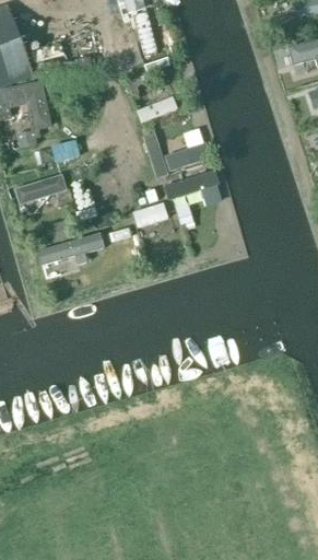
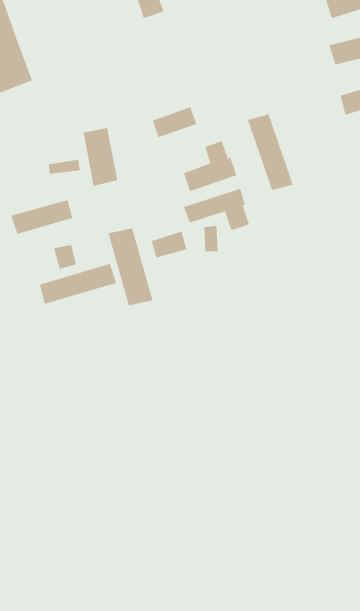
building: [20,85,50,137] -> [83,128,118,187]
building: none -> [247,114,293,191]
building: none -> [108,227,153,306]

